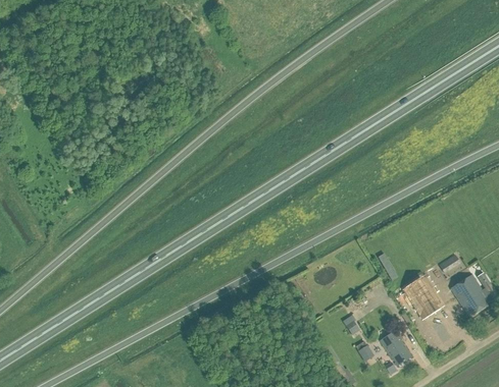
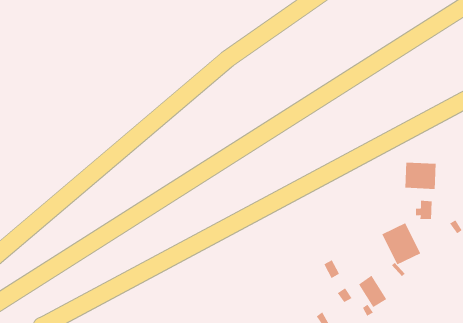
building: none -> [405,162,436,190]
building: [450,274,486,314] -> none

